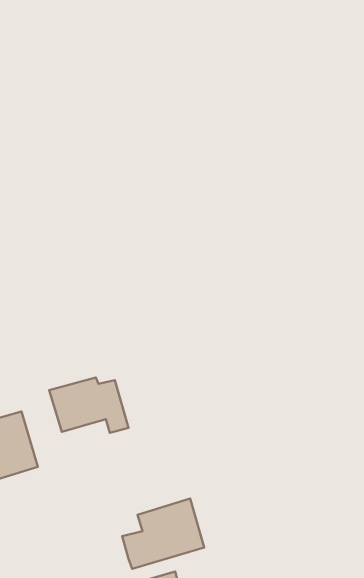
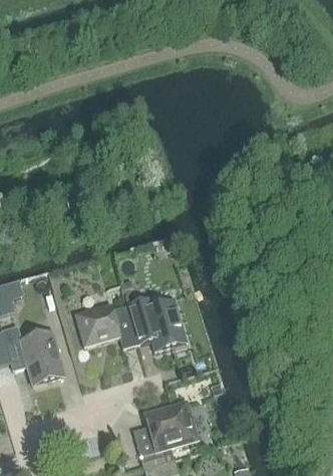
building: none -> [126,297,187,350]

